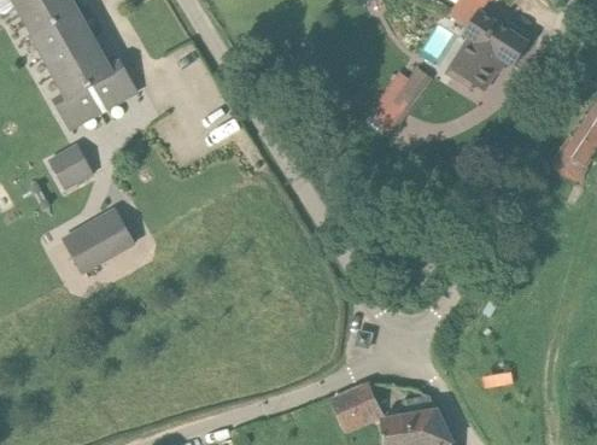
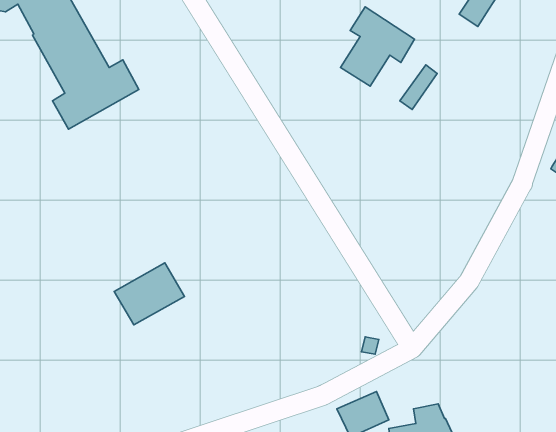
building: [456,11,528,88] -> [340,7,415,86]
building: [51,145,95,189] -> none
building: [66,211,135,271] -> [114,263,185,325]

